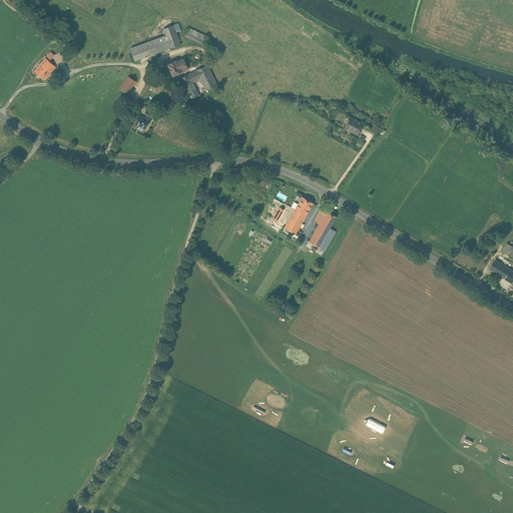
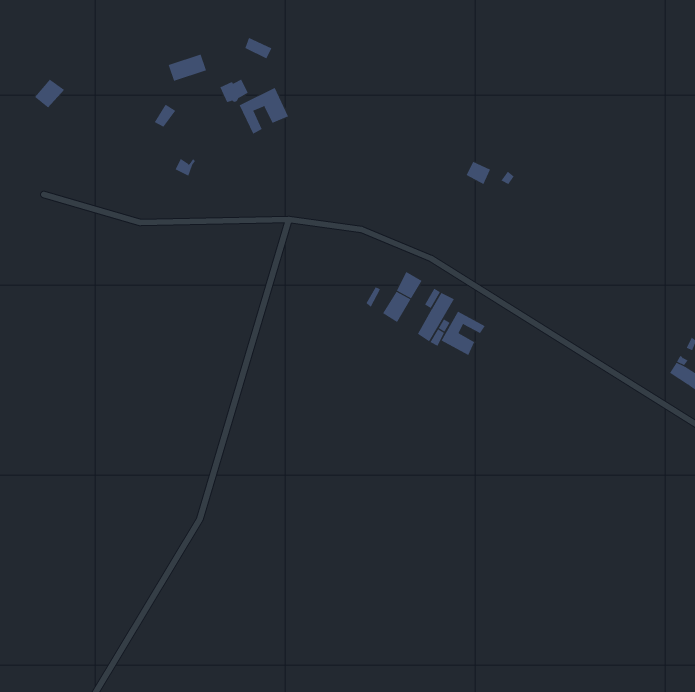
building: [154,24,180,52] -> none
building: none -> [441,311,486,356]

